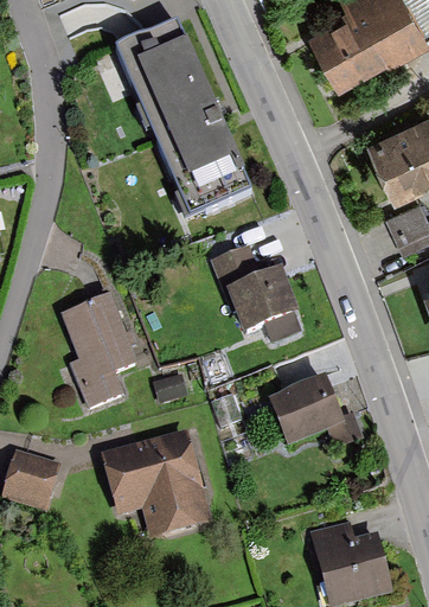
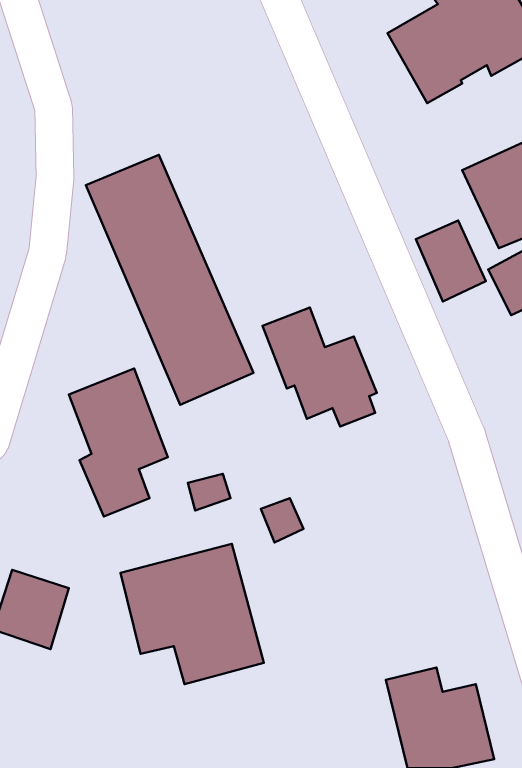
building: [115,18,245,212] -> [86,155,254,405]
building: none -> [416,220,486,301]
building: [269,383,359,453] -> none

